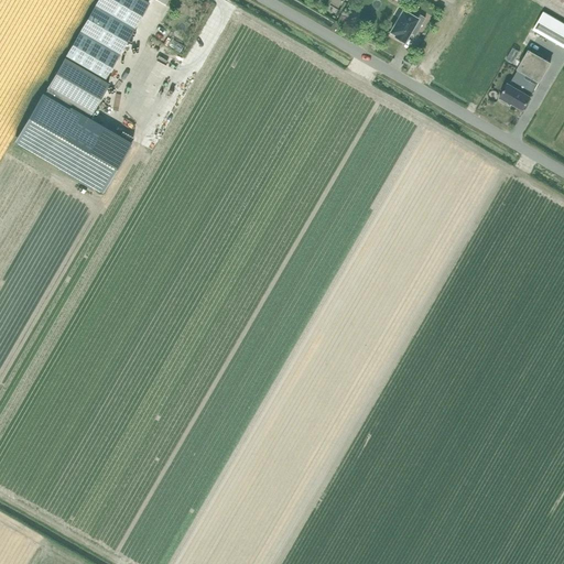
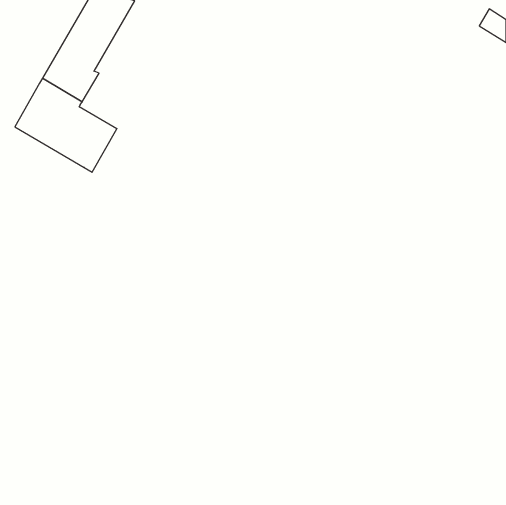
building: [392,11,429,40] -> none
building: [499,48,551,109] -> none

